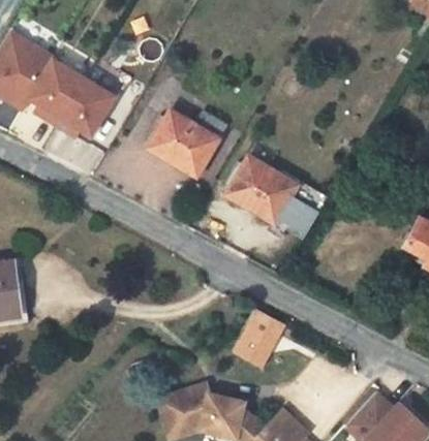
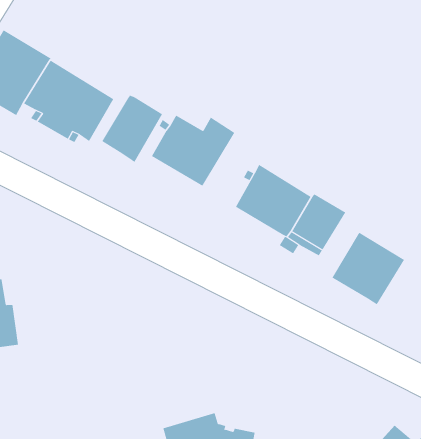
building: none -> [102,95,163,163]
building: none -> [331,232,405,305]
building: [235,313,282,368] -> none

